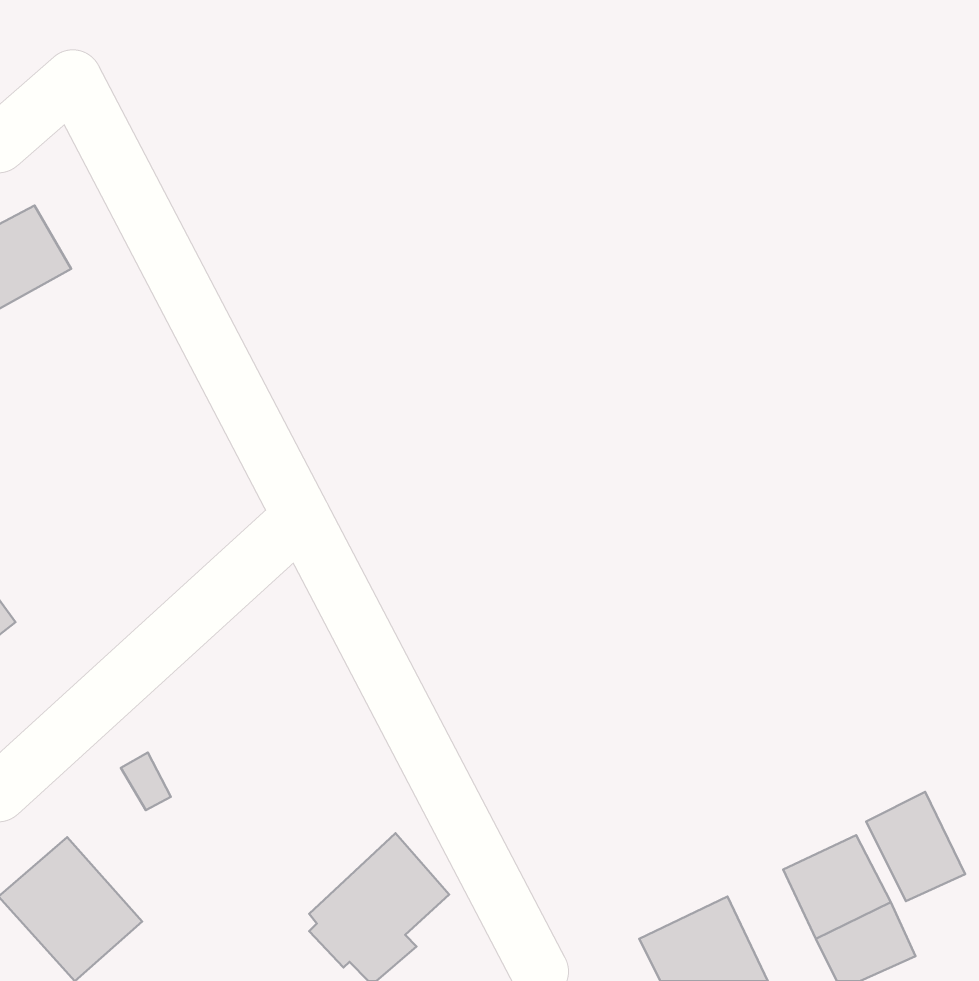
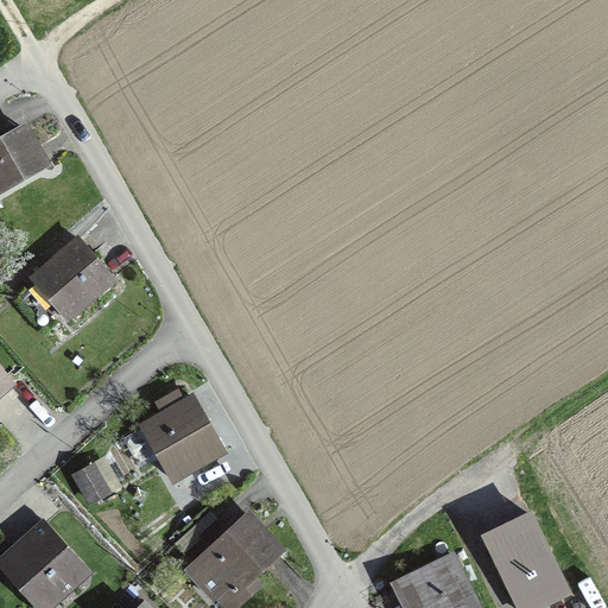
building: none -> [31,239,112,318]
building: none -> [141,391,222,480]
building: [866,792,965,901] -> none

